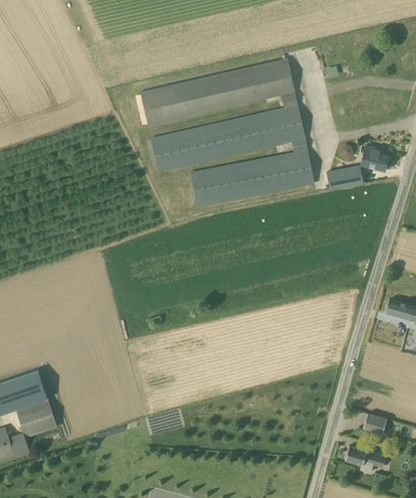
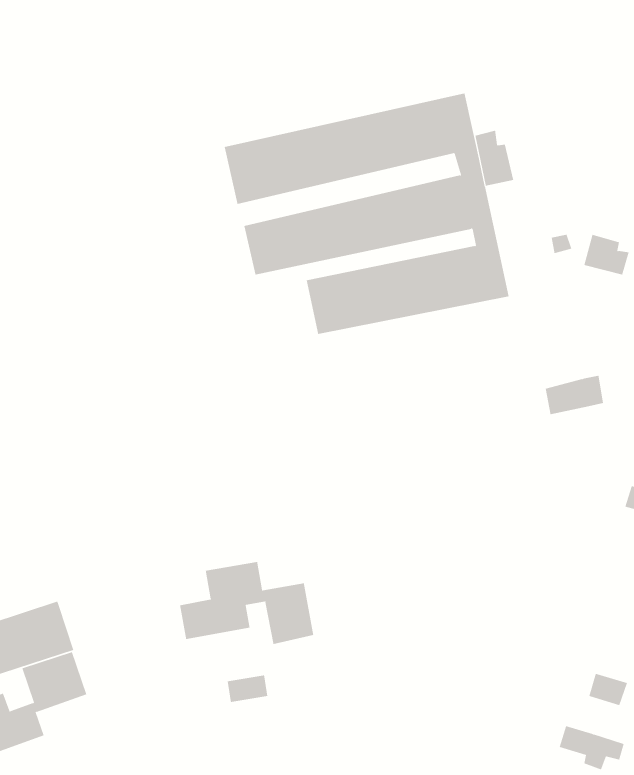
building: none -> [475,130,514,187]
building: [327,166,363,190] -> [545,375,604,415]
building: none -> [180,561,314,645]

